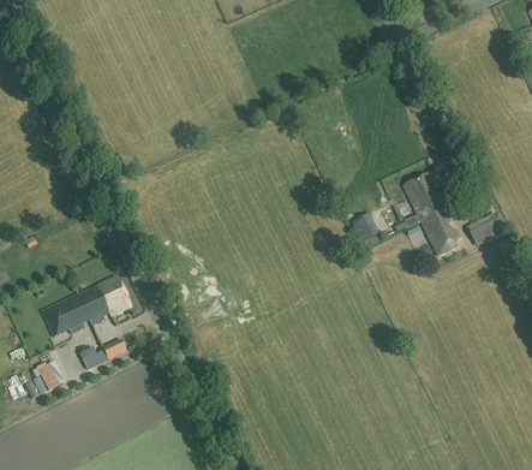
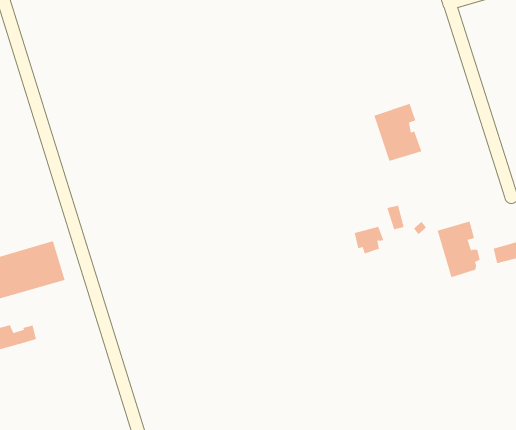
building: [404,171,447,220] -> [374,103,422,162]

